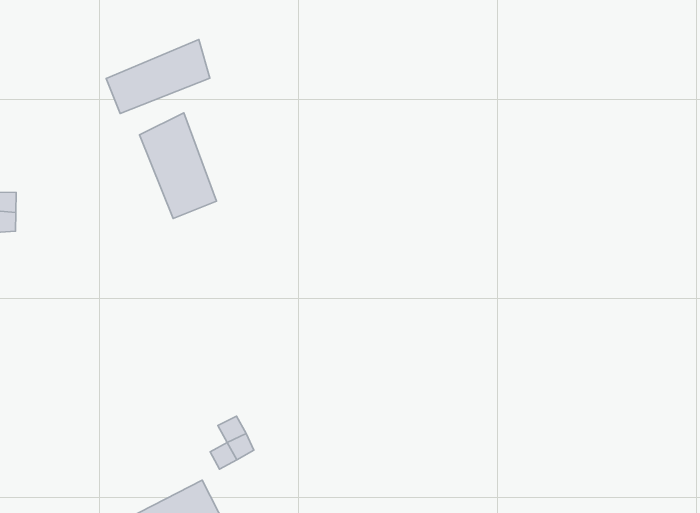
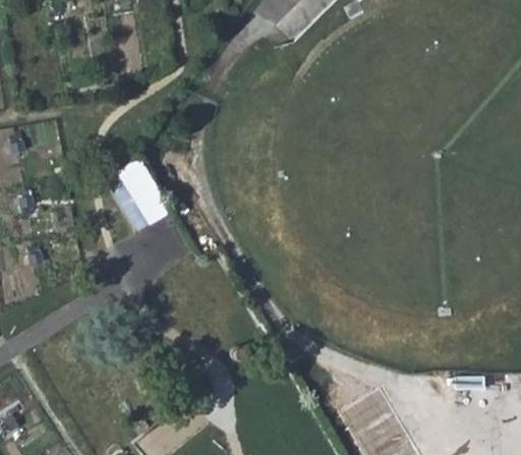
building: [106,40,210,113] -> none

